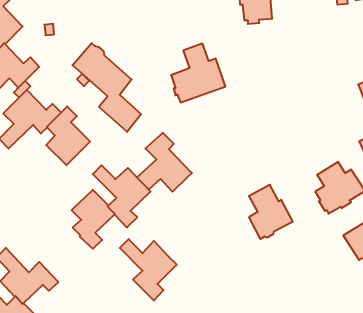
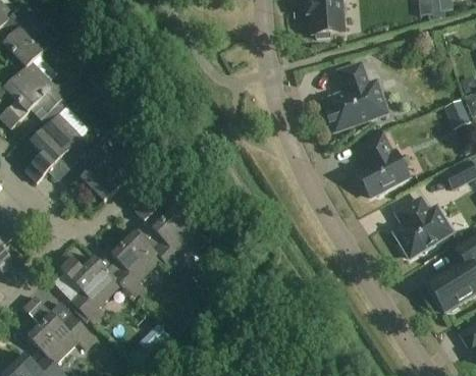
building: [72,43,141,132] -> none
building: [171,44,225,102] -> [324,62,387,130]
building: [137,133,192,192] -> none
building: [249,185,293,239] -> [358,132,409,196]
building: [120,239,177,301] -> [55,253,121,324]

